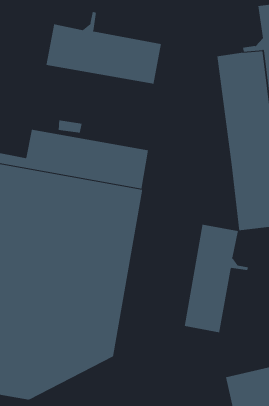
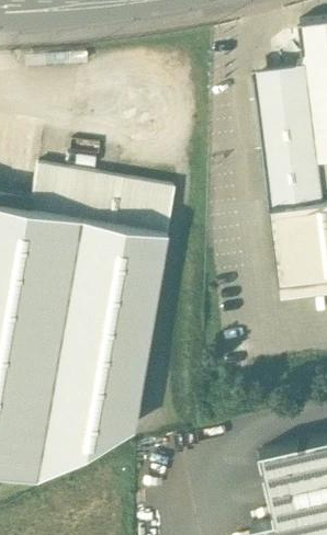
building: [46,11,162,85] -> none
building: [184,224,248,333] -> none

